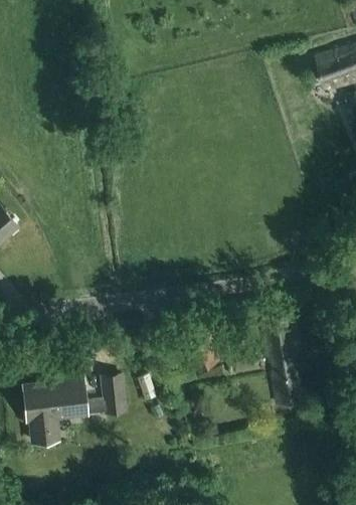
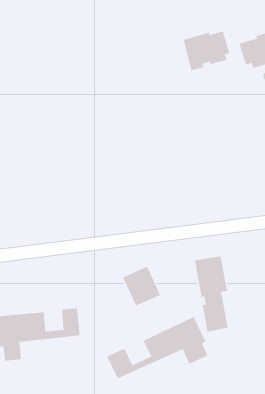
building: none -> [183,31,230,71]
building: none -> [107,316,208,379]

